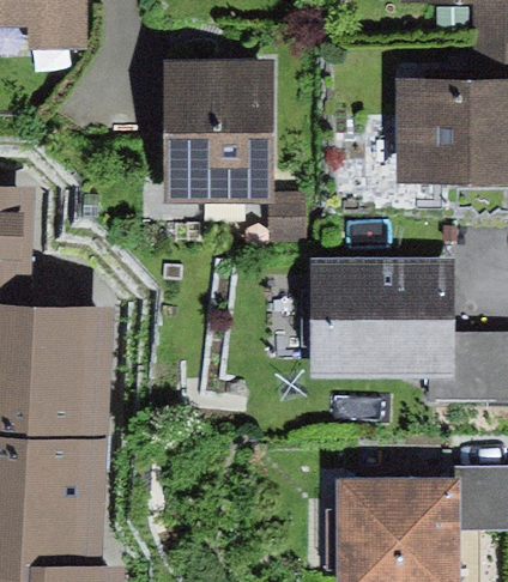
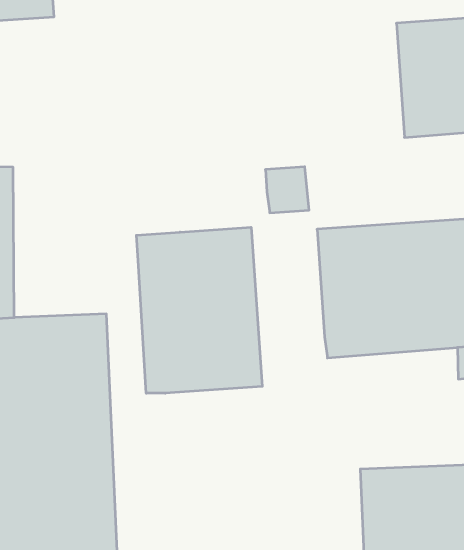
building: [165,60,274,201] -> none
building: none -> [136,227,262,393]

